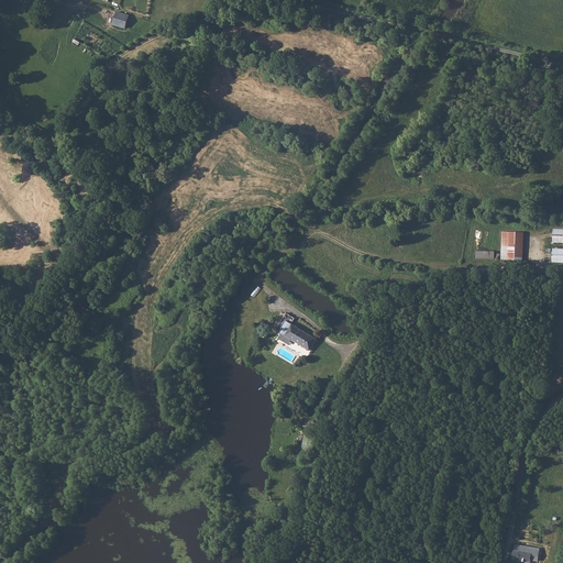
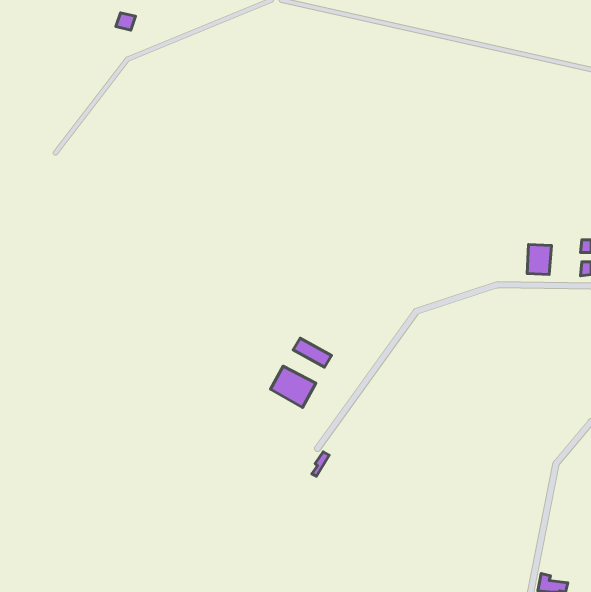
building: none -> [271,366,316,407]

